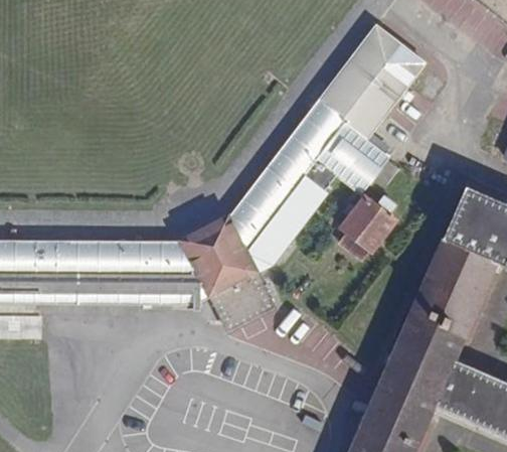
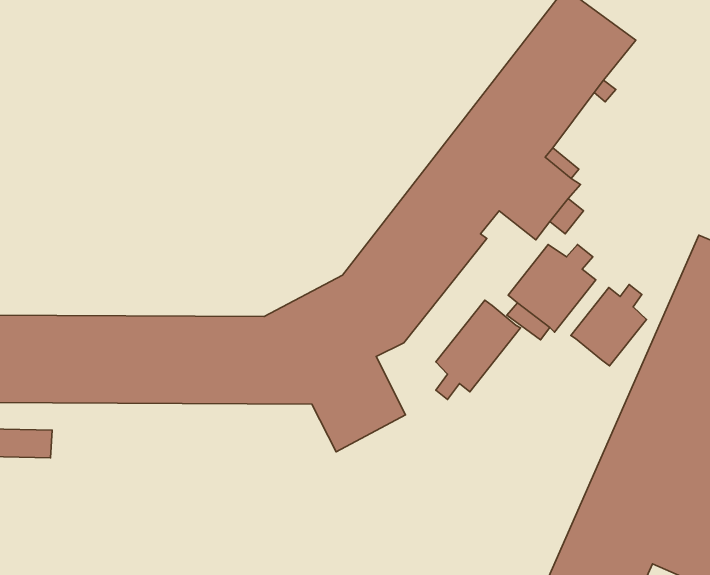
building: none -> [571,284,647,366]
building: none -> [436,300,520,399]

